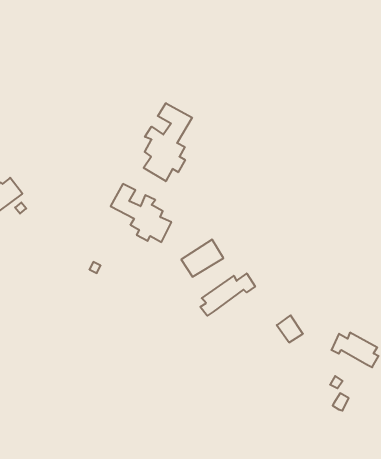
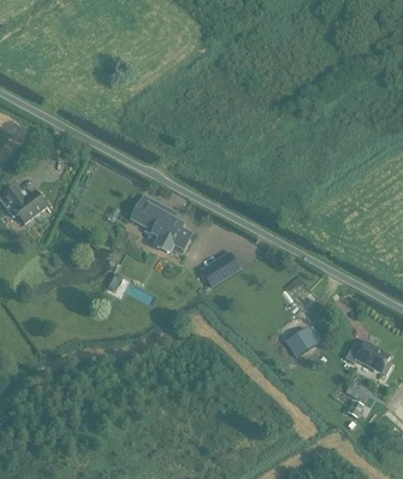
building: [144,103,192,181] -> none
building: [200,273,255,316] -> none

